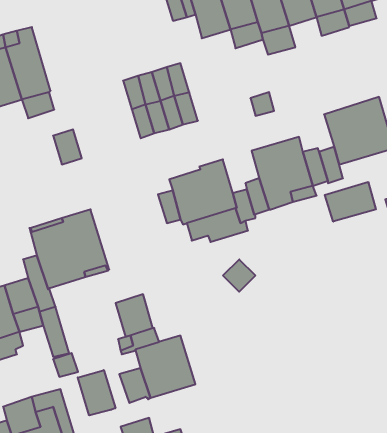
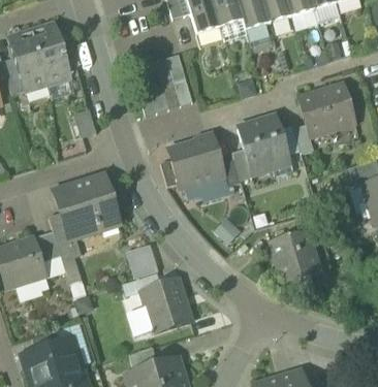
building: [325,182,376,222] -> none
building: none -> [273,229,320,280]
building: [78,370,115,415] -> none

